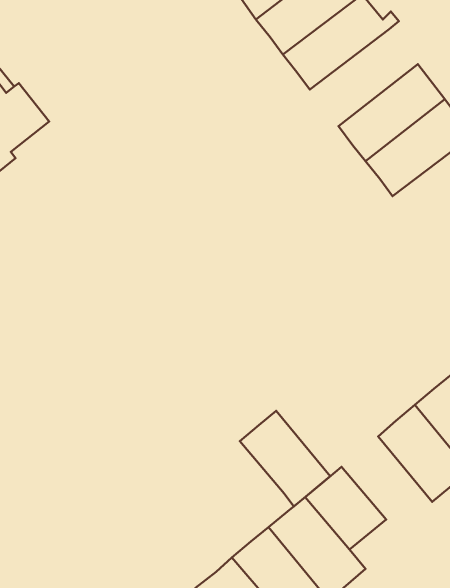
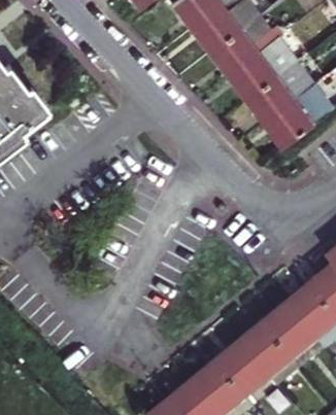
building: none -> [228,45,298,108]
building: [240,411,330,506] -> [248,309,307,371]

